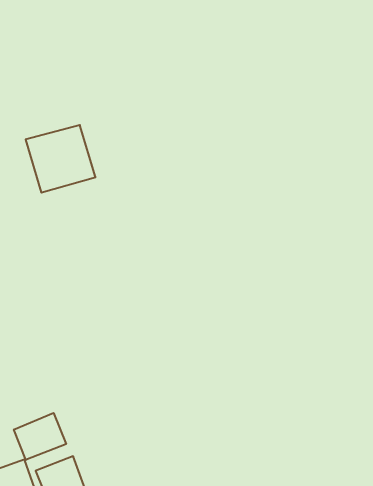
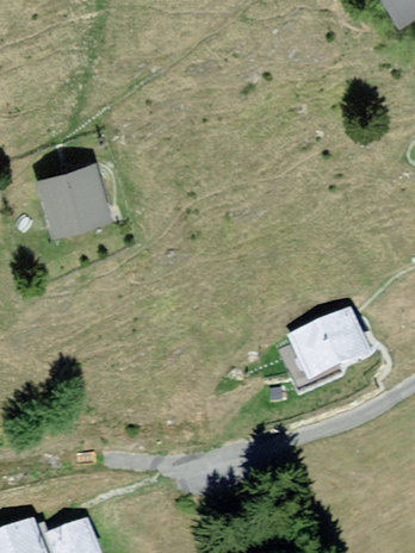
building: none -> [290,310,368,383]
building: [14,413,66,460] -> none

